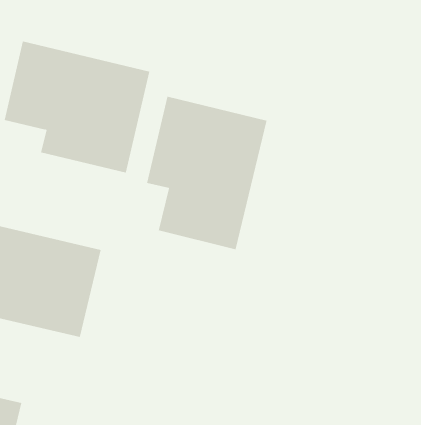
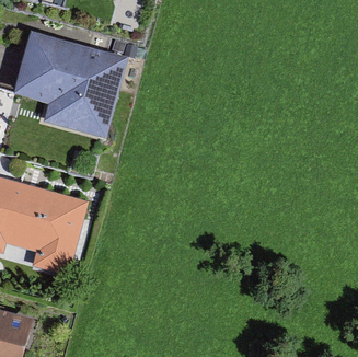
building: [146,96,267,250] -> none

